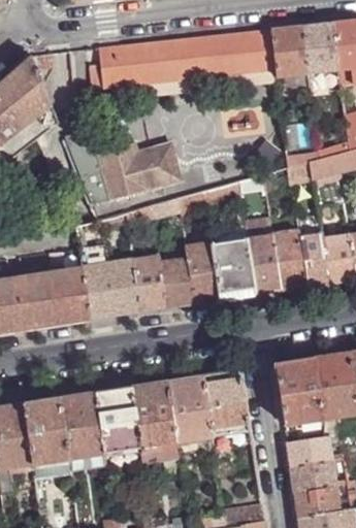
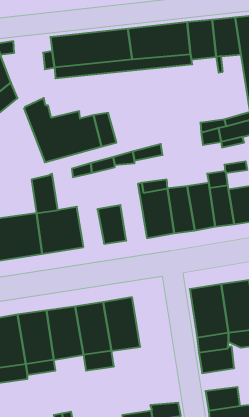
building: [187,243,221,302] -> none
building: [133,257,167,310] -> none
building: [202,368,249,435] -> none
building: [290,462,334,491] -> none

